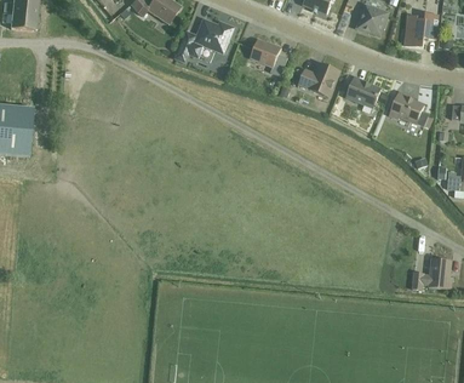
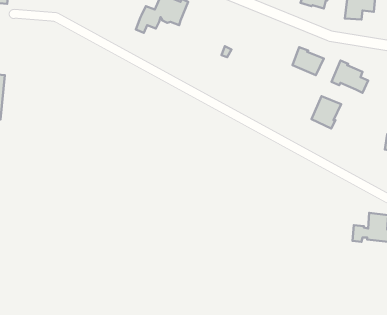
building: [250,38,287,75] -> none
building: [298,63,338,96] -> none
building: none -> [312,96,341,129]

